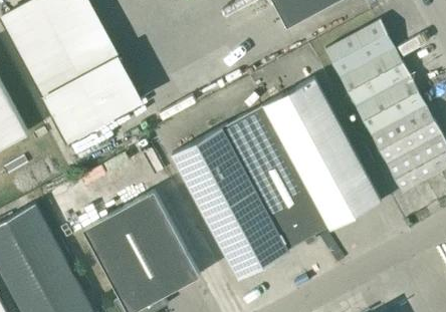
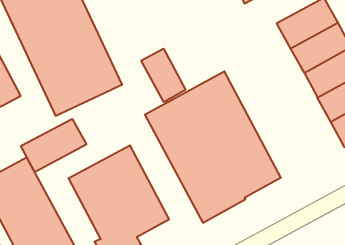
building: [263,77,381,229] -> none
building: none -> [141,49,185,102]
building: none -> [21,119,86,172]

